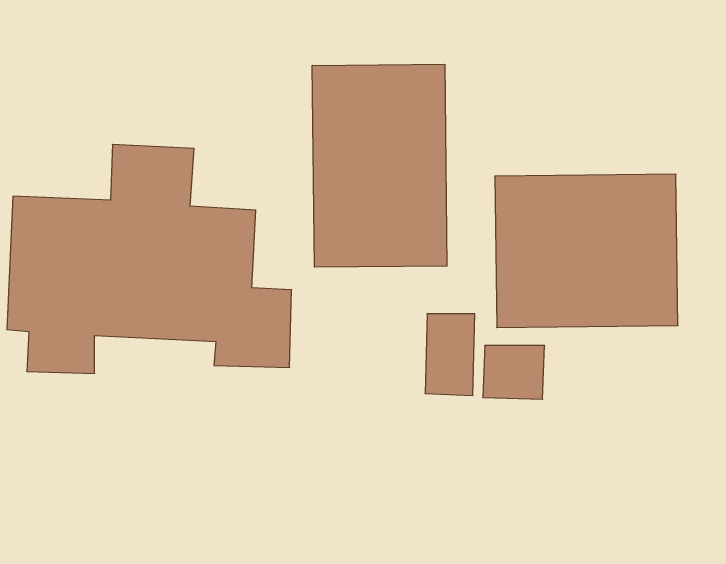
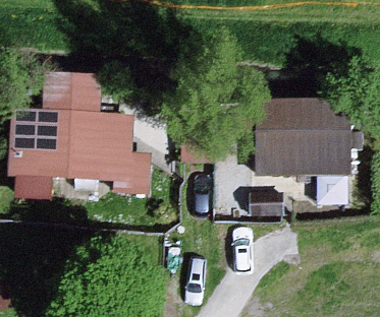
building: [312,64,447,267] -> none

